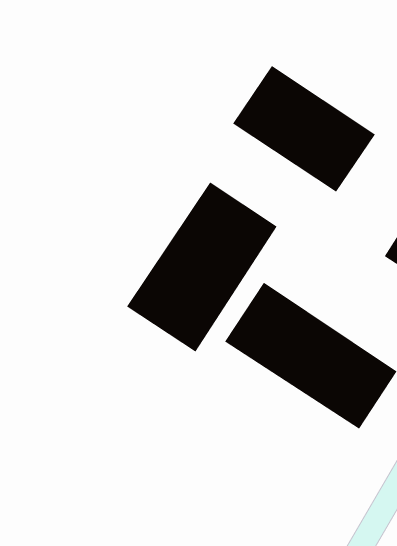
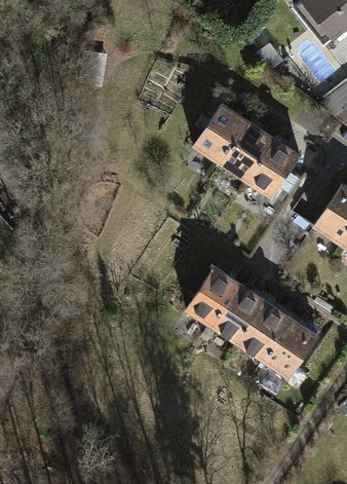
building: [126,181,278,353] -> none

